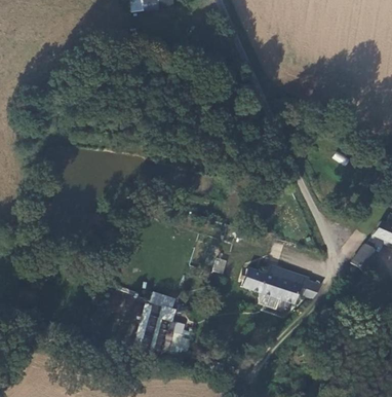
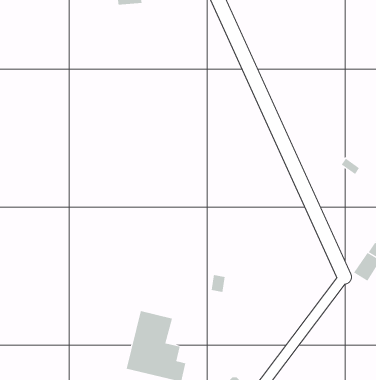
building: [243,269,312,309] -> none

